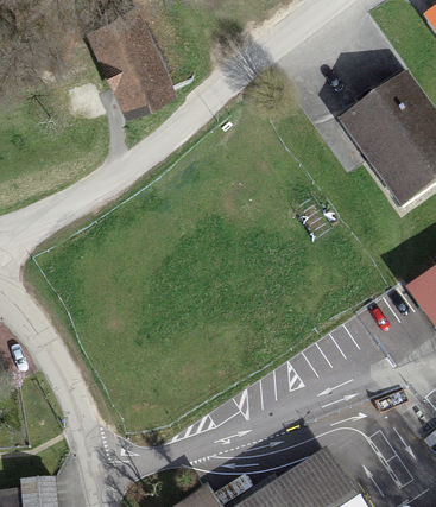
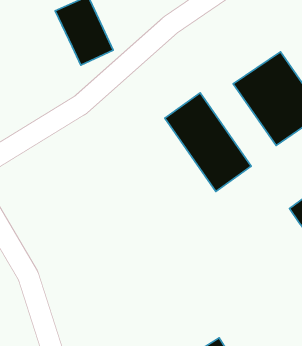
building: none -> [165,93,251,191]

